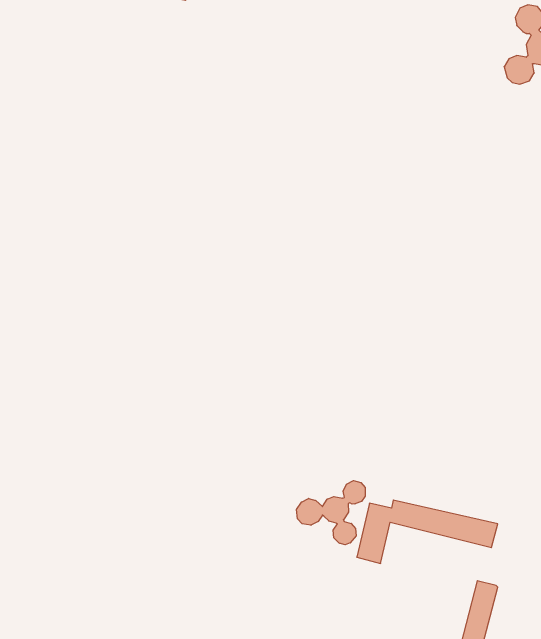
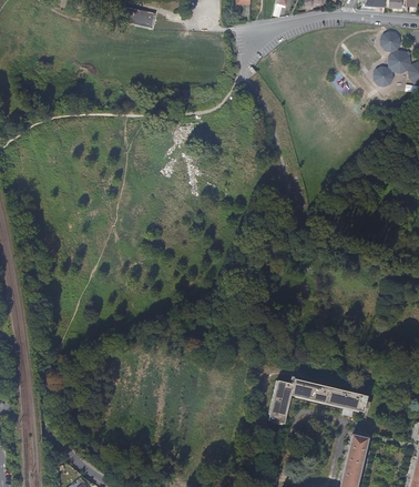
building: [296,481,365,545] -> none

